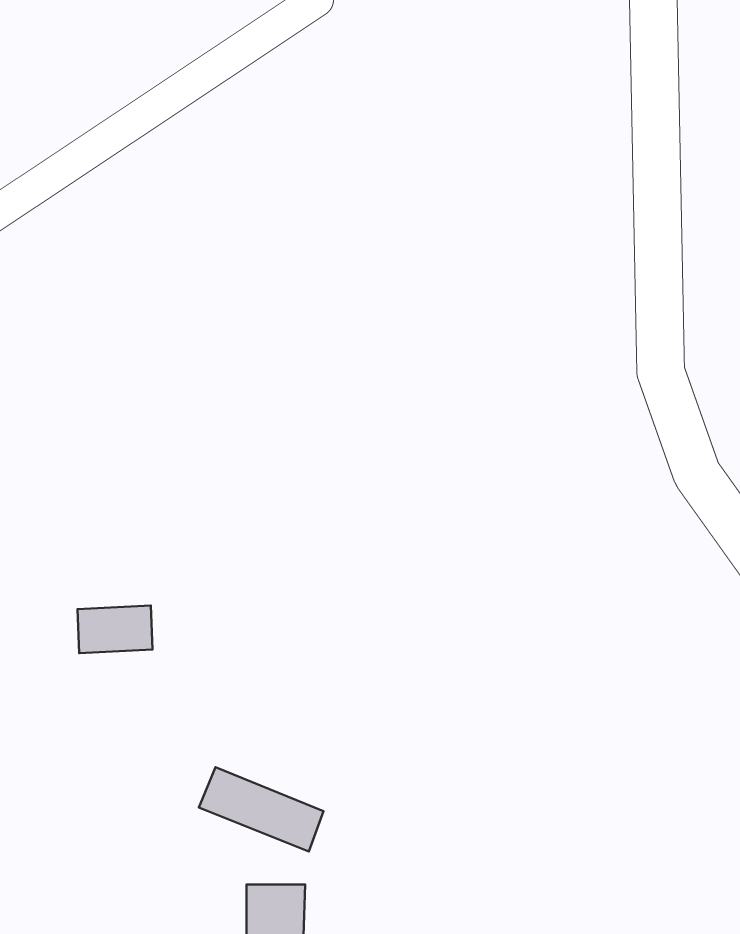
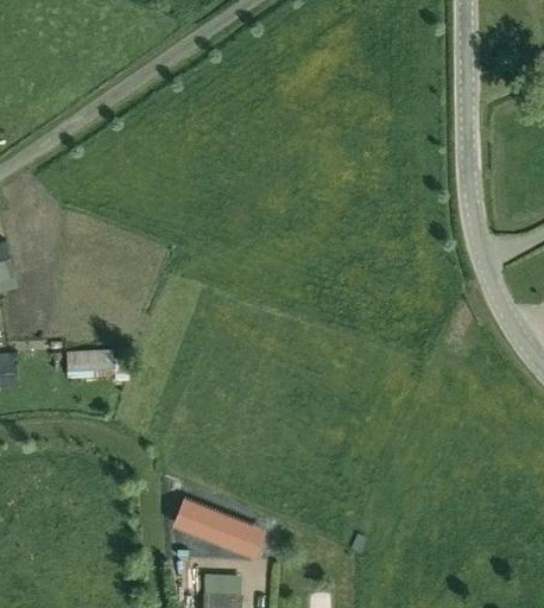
building: [77,606,153,653] -> [65,350,114,381]

